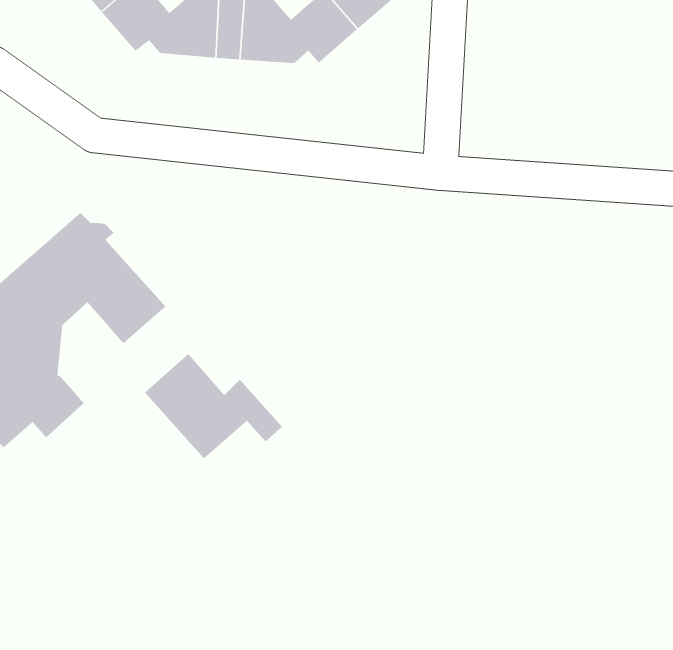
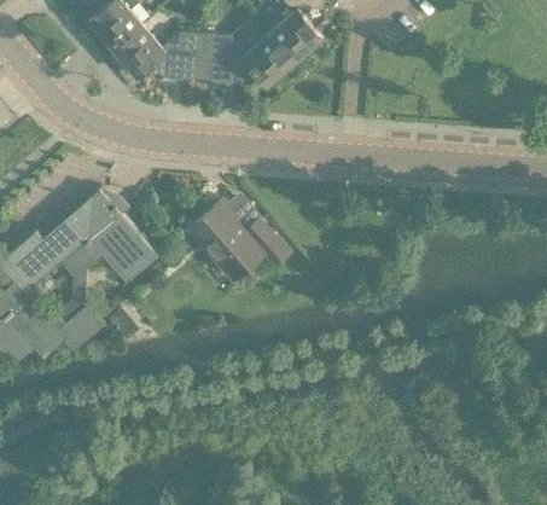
building: [144,353,283,459] -> [191,199,289,274]

